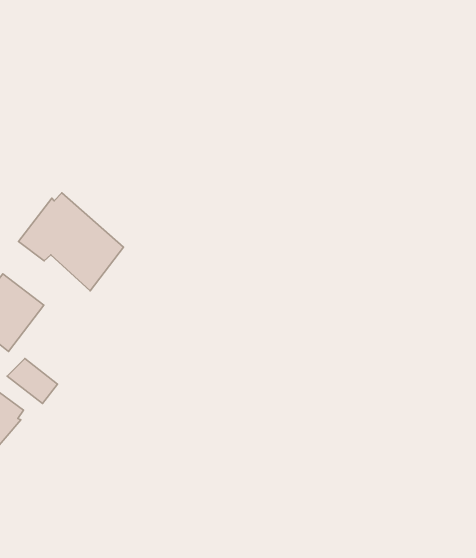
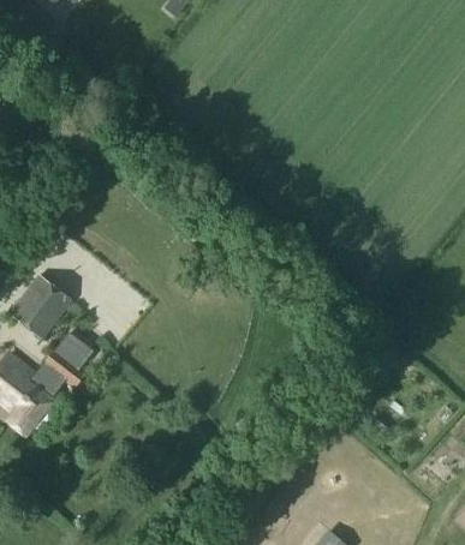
building: [19,193,123,291] -> none

